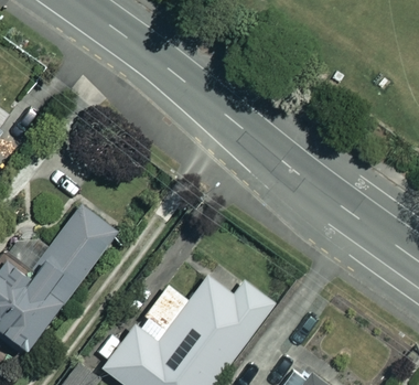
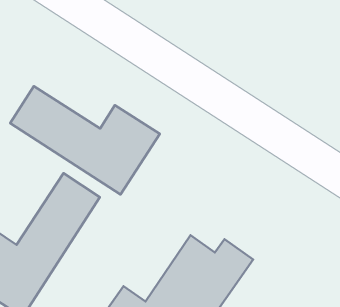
building: none -> [10,86,160,195]

